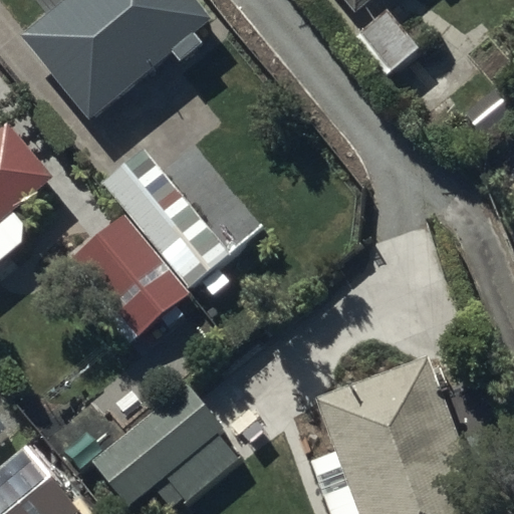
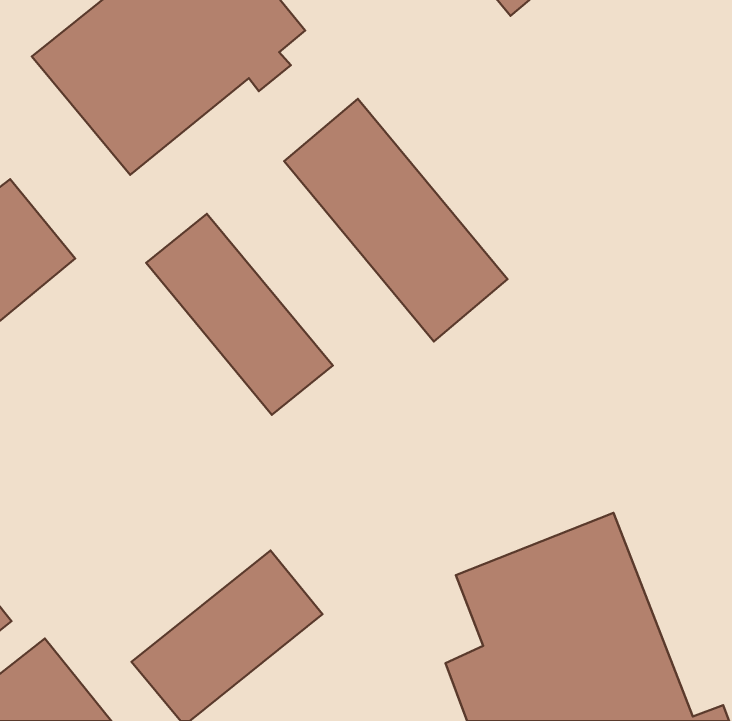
building: none -> [284,99,508,342]
building: [73,214,189,334] -> none

